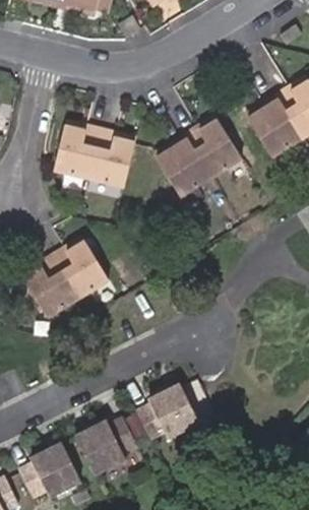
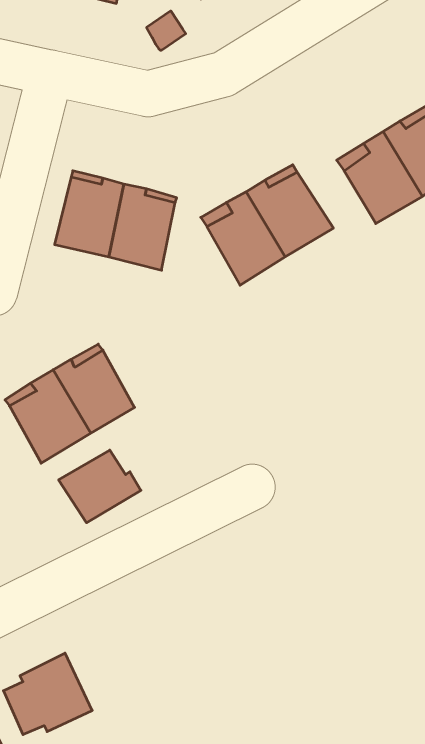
building: none -> [59,450,141,523]
building: [136,387,197,441] -> none
building: [76,419,137,475] -> none

